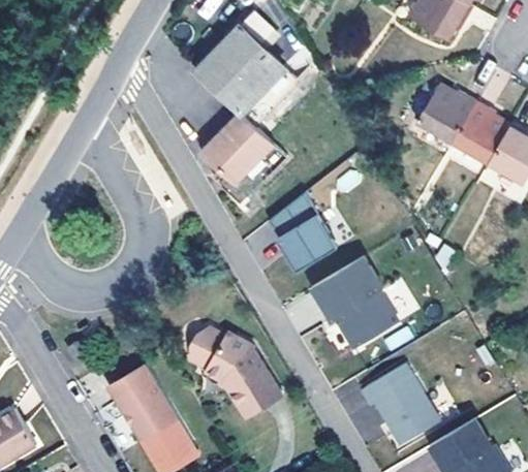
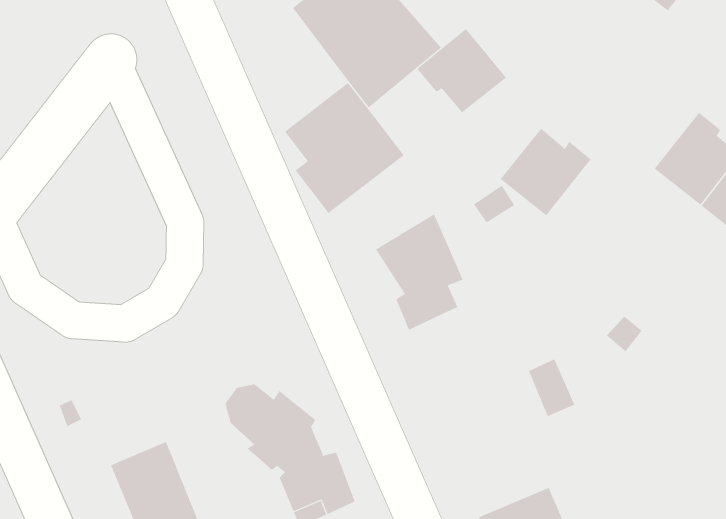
building: none -> [416,28,507,113]
building: [413,86,472,144] -> [500,128,591,216]
building: [307,259,394,351] -> none

